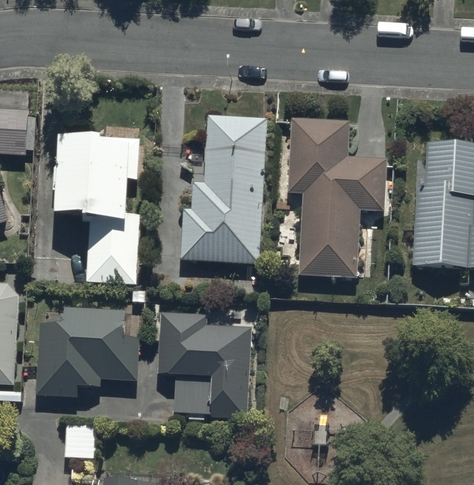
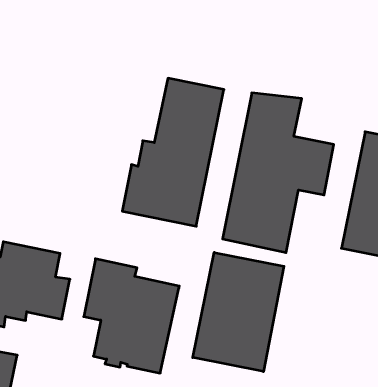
building: [51,131,133,283] -> none
building: none -> [193,252,284,372]

